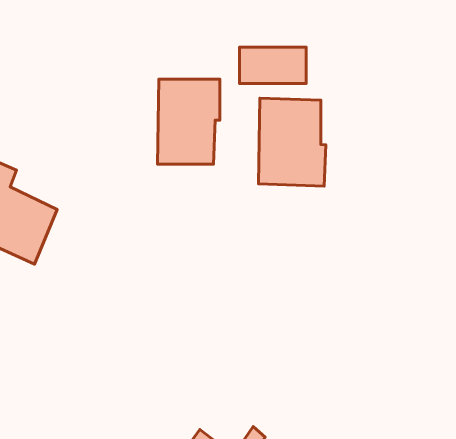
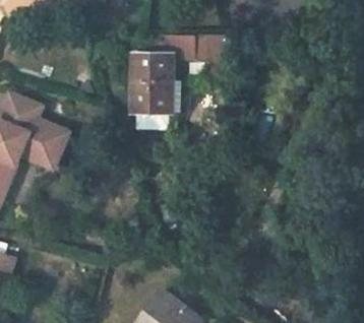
building: [258,98,326,186] -> none

